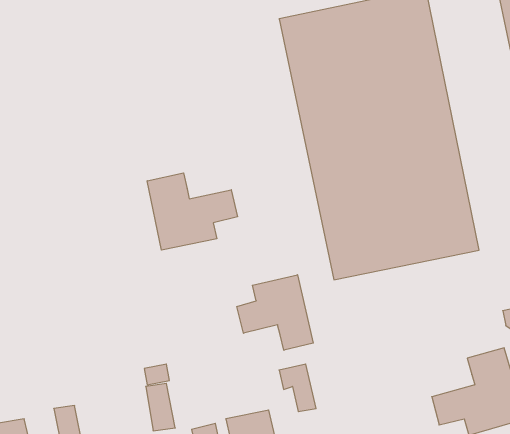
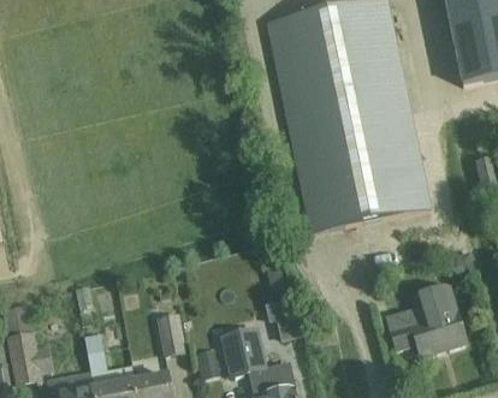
building: [147,173,237,250] -> none
building: [237,275,313,350] -> none

